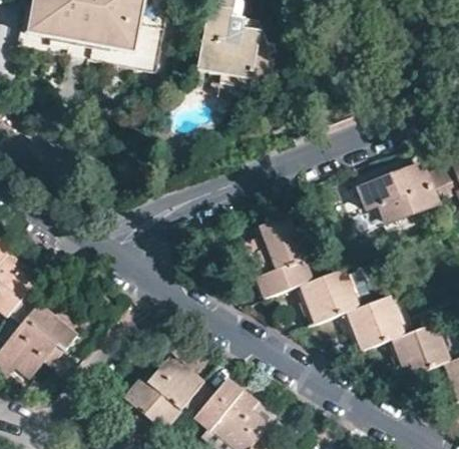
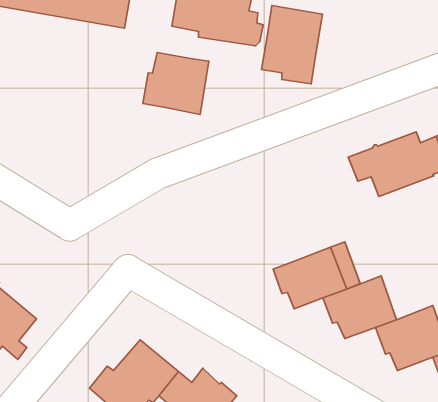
building: none -> [262,5,323,84]
building: none -> [143,52,209,115]
building: [245,214,313,299] -> none

